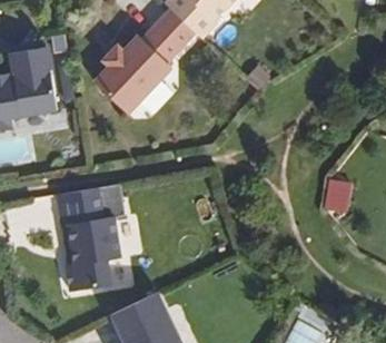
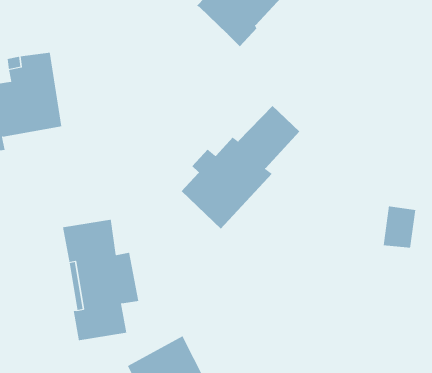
building: [93,10,194,115] -> [181,105,300,230]

